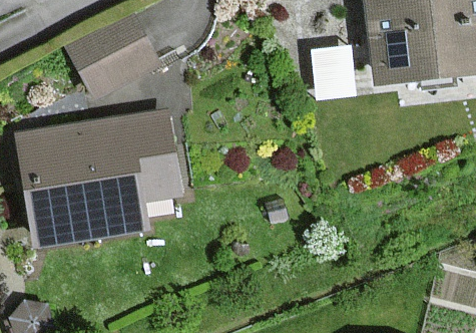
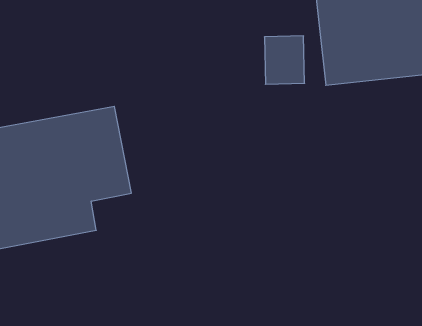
building: [66,15,152,96] -> none

